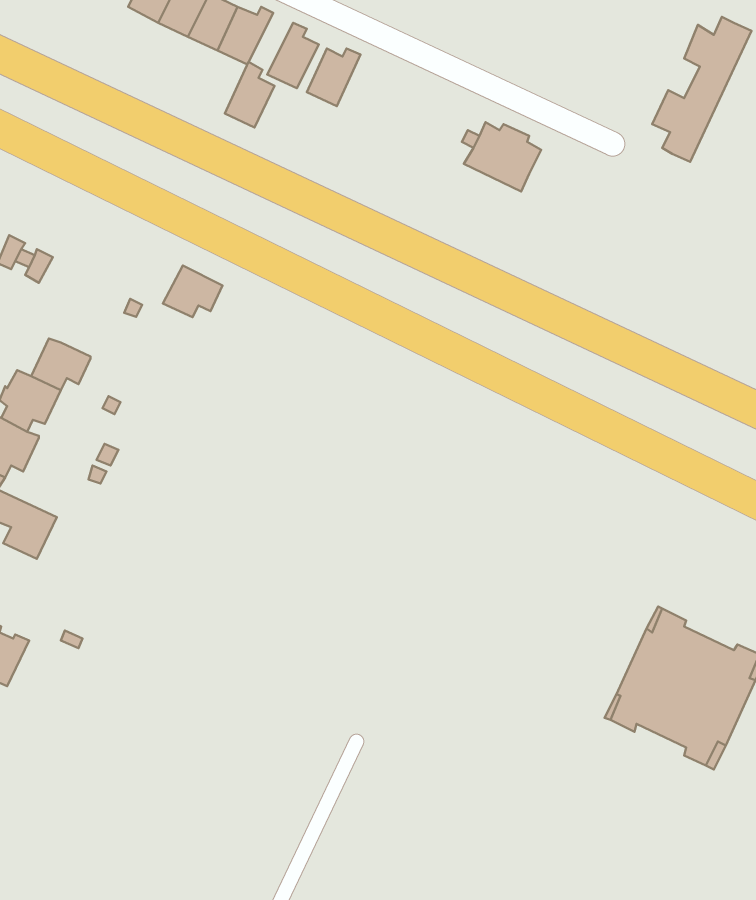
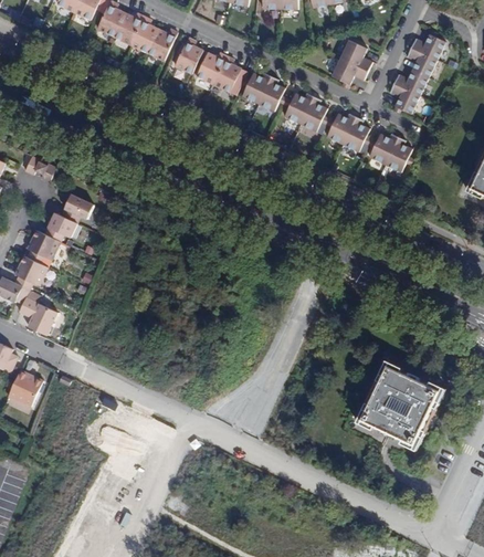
building: none -> [330,41,370,85]
building: [225,62,274,127] -> [212,55,240,92]
building: none -> [240,72,284,112]
building: none -> [326,113,369,151]
building: none -> [368,134,411,171]
building: [163,266,222,317] -> [59,195,92,223]

